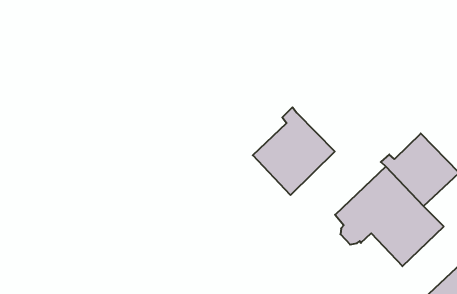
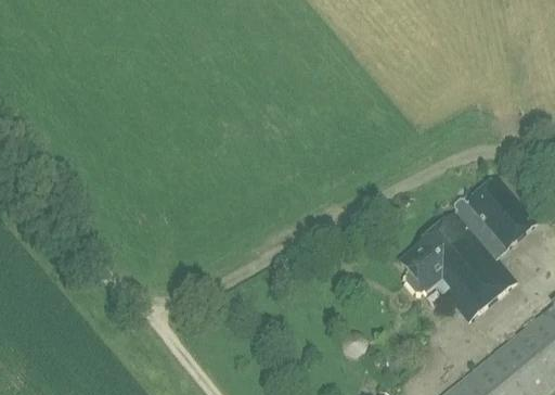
building: [253,107,335,195] -> none

